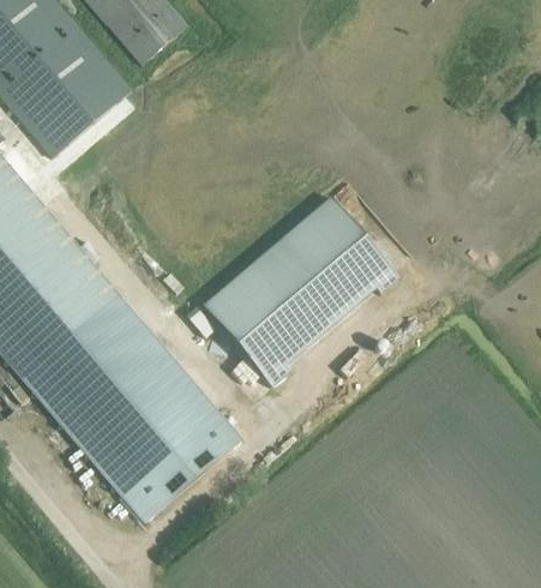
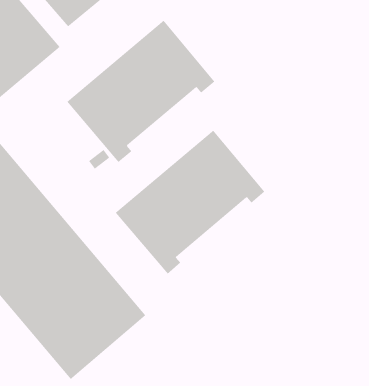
building: none -> [67,20,215,163]

